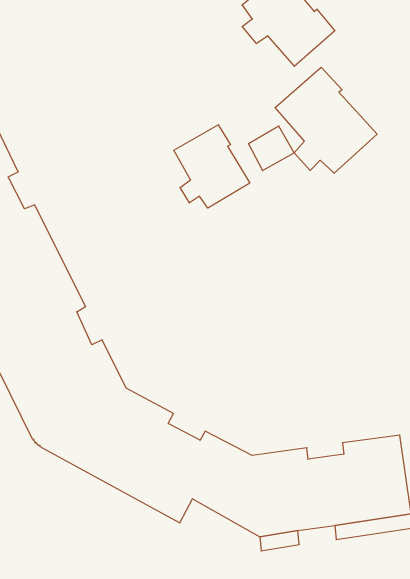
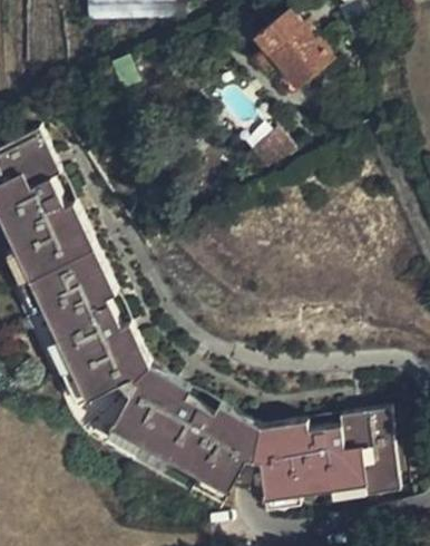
building: [275,67,377,173] -> none
building: [174,125,250,208] -> none

